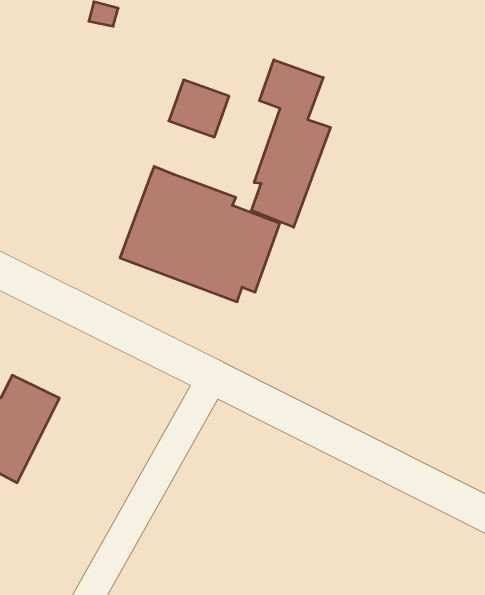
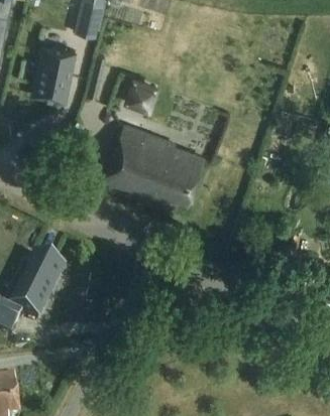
building: none -> [32,42,78,101]
building: [251,60,330,227] -> none

